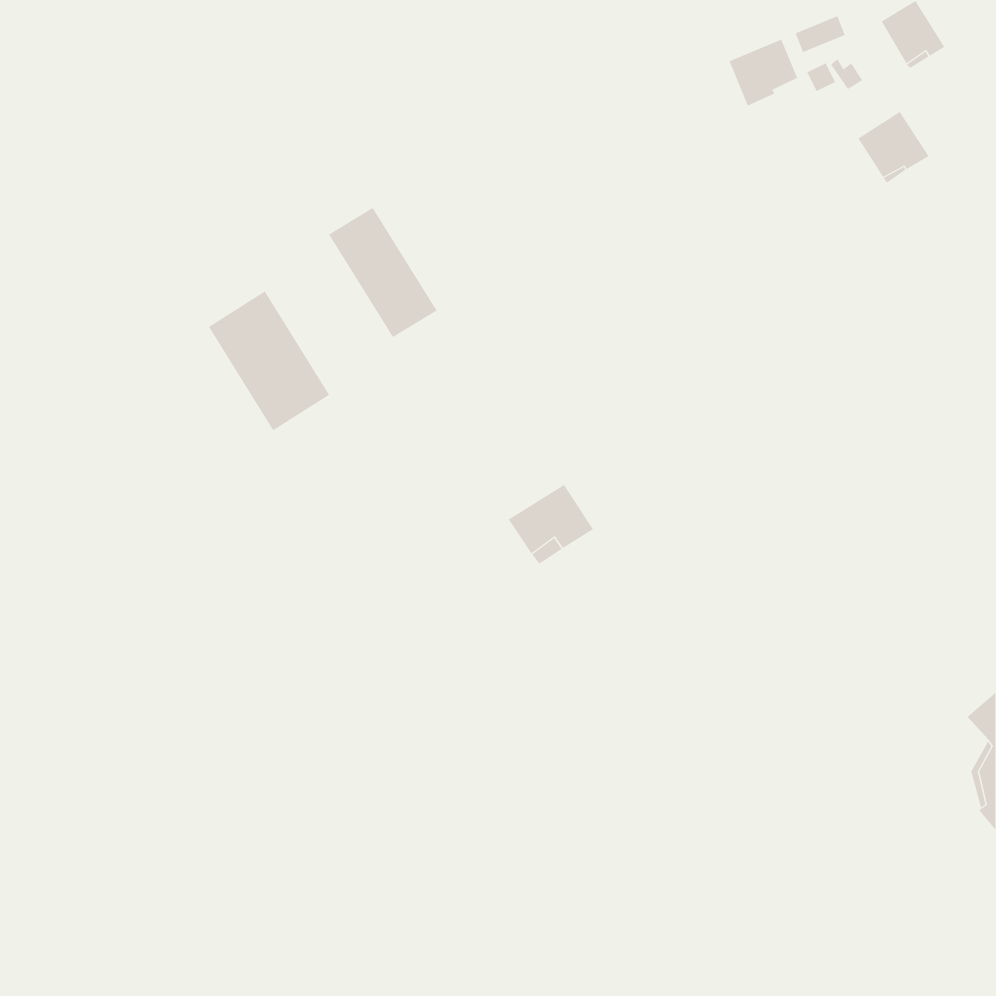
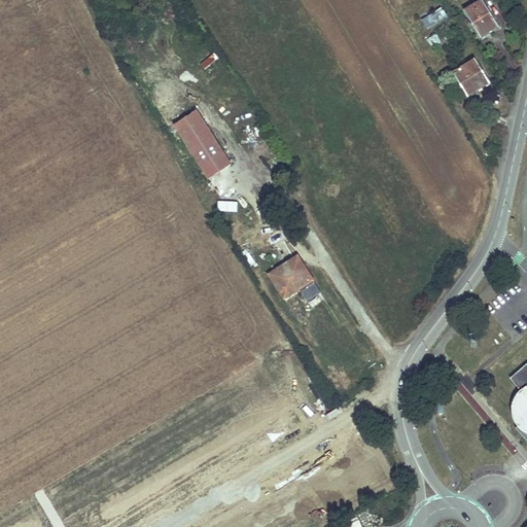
building: [729,39,798,106] -> none
building: [208,291,330,431] -> none

